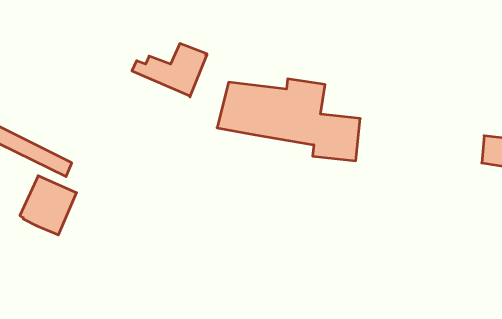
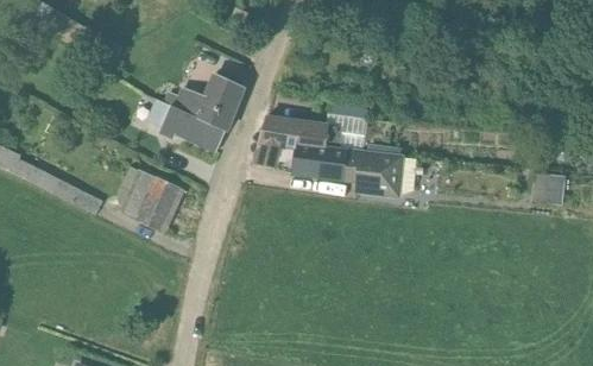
building: none -> [149,100,226,150]
building: [20,176,77,235] -> [119,168,178,229]

